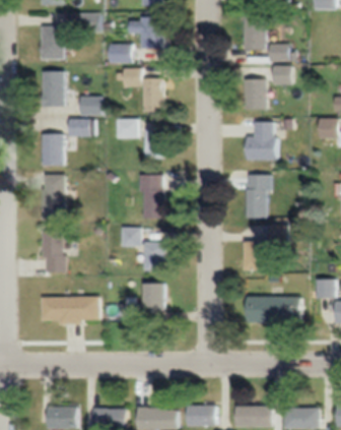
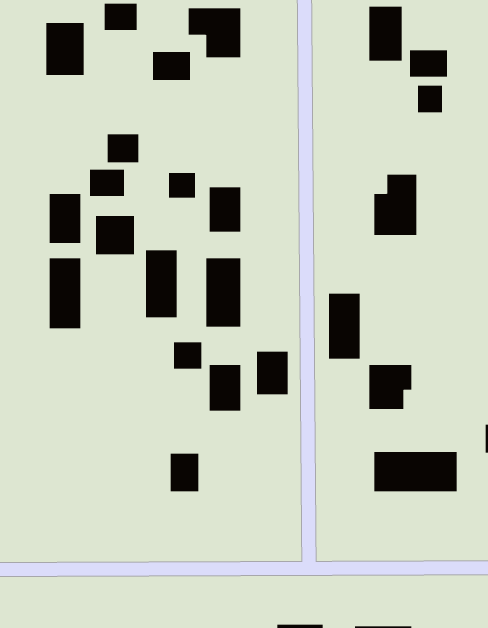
building: [126,69,165,112] -> none
building: [45,71,65,107] -> none
building: [246,78,268,110] -> none
building: none -> [95,215,134,255]
building: [248,176,268,218] -> [328,293,360,359]
building: [45,230,65,272] -> [145,250,177,318]
building: [146,284,166,311] -> [256,351,289,395]
building: [44,297,100,323] -> none

